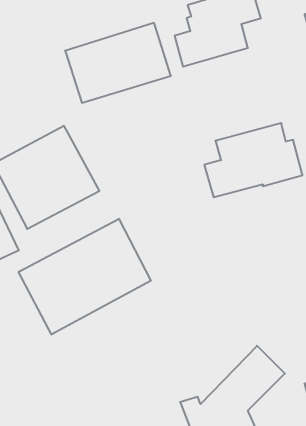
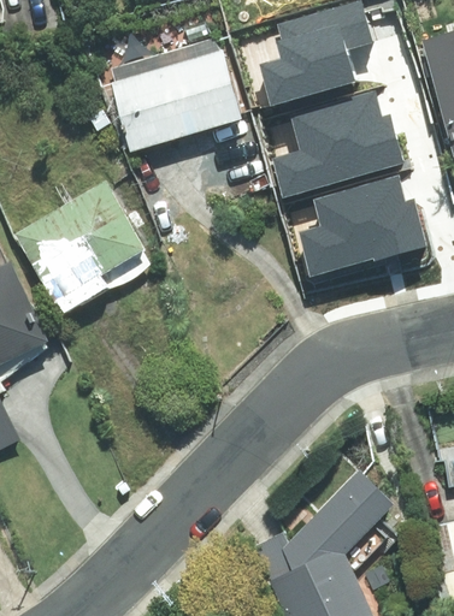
building: none -> [266,91,396,197]
building: [19,219,151,335] -> none

